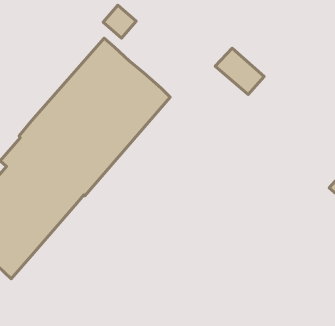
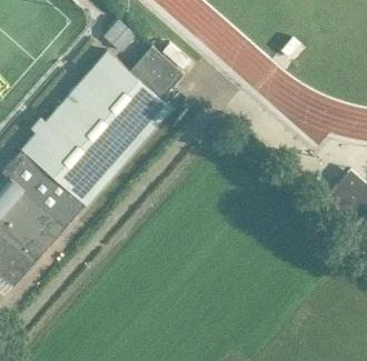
building: [215,48,264,95] -> [135,46,182,91]

